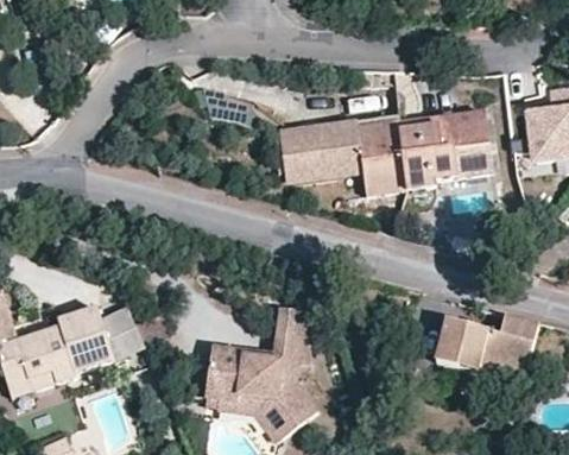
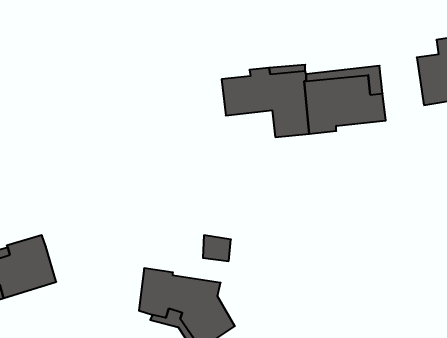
building: [276,120,359,182] -> none
building: [99,314,146,364] -> none
building: [432,315,538,374] -> none
building: [245,336,309,367] -> none

